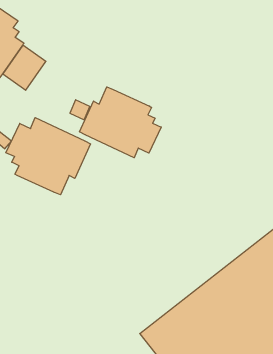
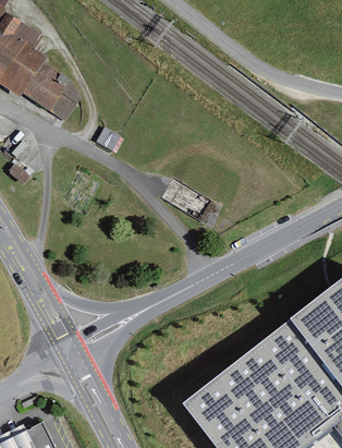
building: [80,87,161,158] -> none
building: [6,118,90,195] -> none

